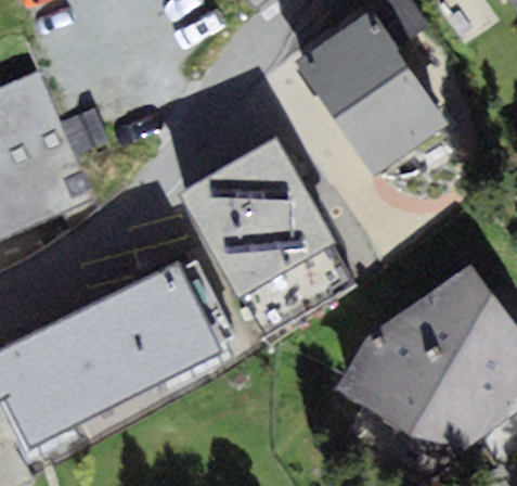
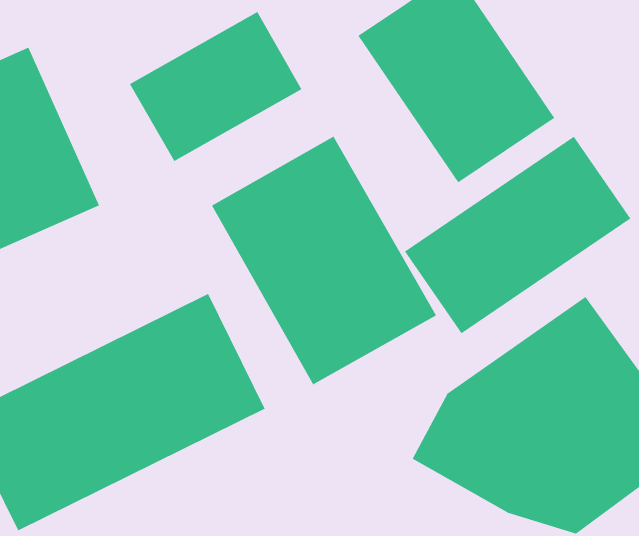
building: none -> [129,11,302,162]
building: none -> [404,136,631,334]

